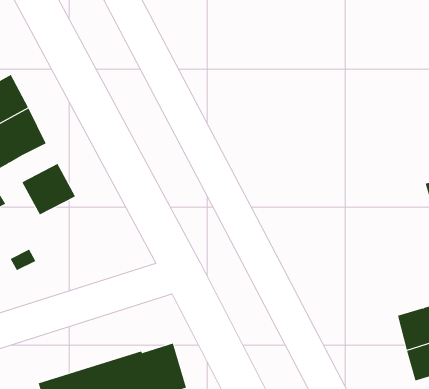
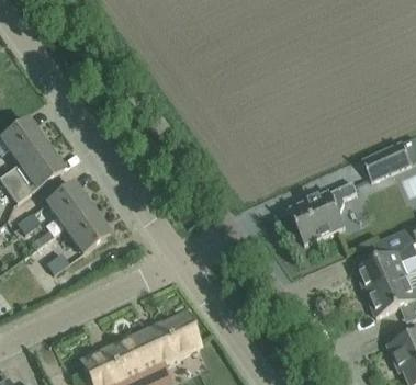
building: none -> [65,208,109,252]
building: none -> [290,181,357,244]

